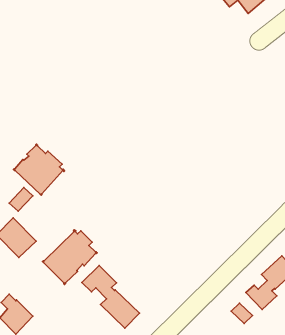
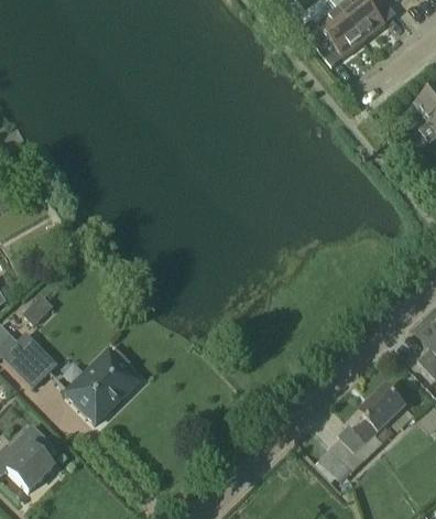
building: [13,144,64,195] -> none
building: [82,265,139,328] -> none

